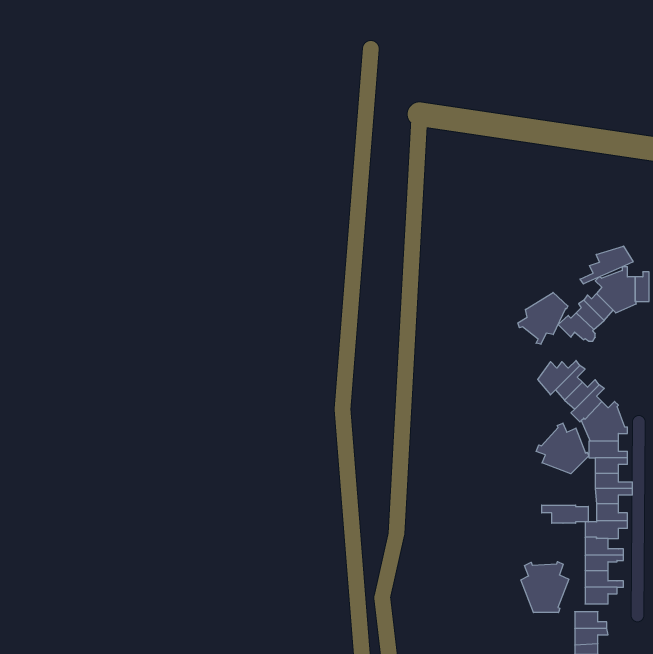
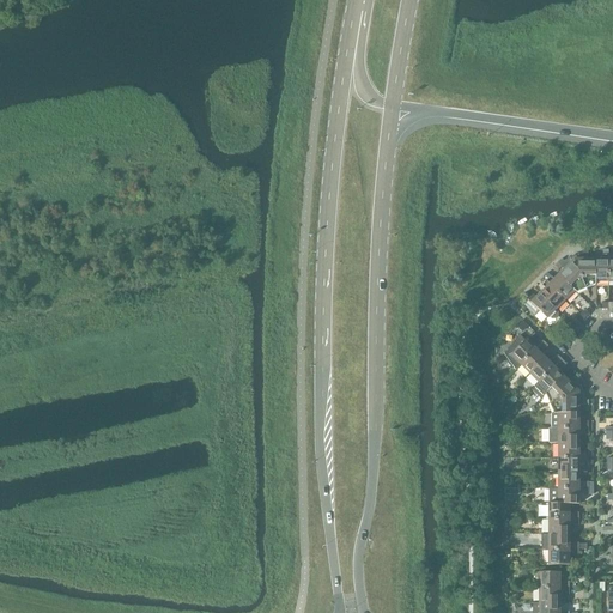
building: [580,246,633,284] -> none
building: [518,292,568,344] -> none
building: [536,423,589,474] -> none
building: [542,505,588,523] -> none
building: [521,562,569,613] -> none

